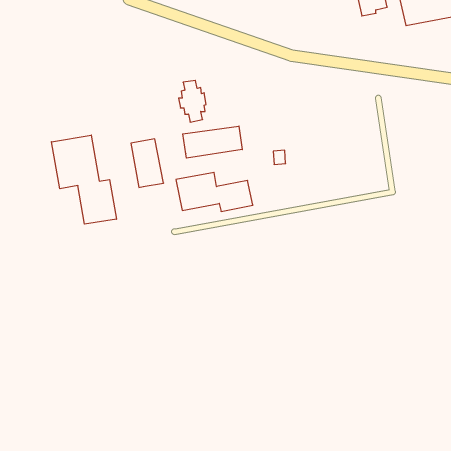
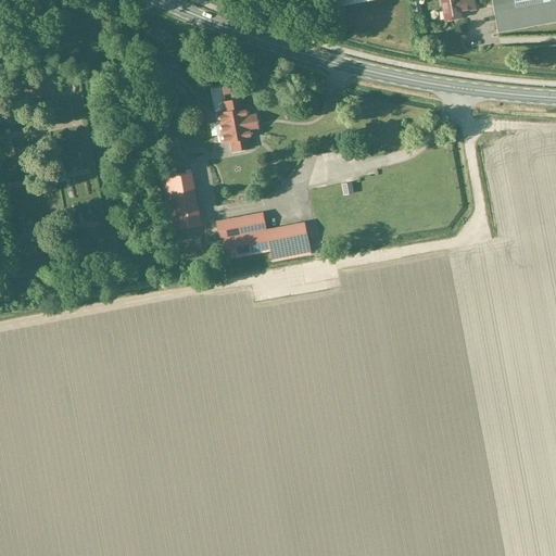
building: [183,126,242,158] -> none
building: [51,135,116,224] -> none

